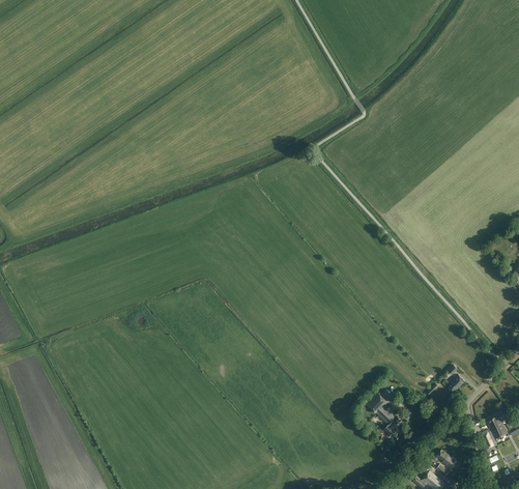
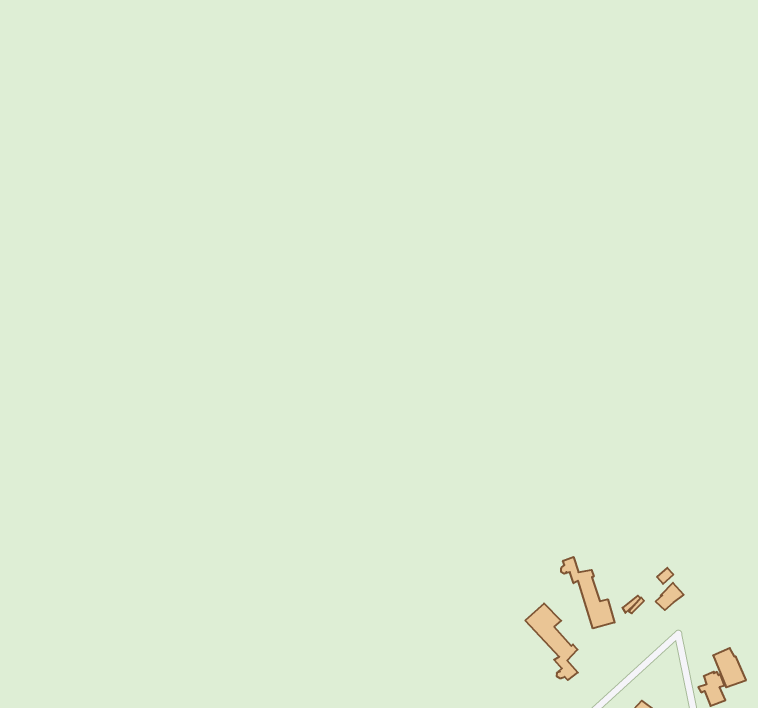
building: none -> [561,557,615,628]

